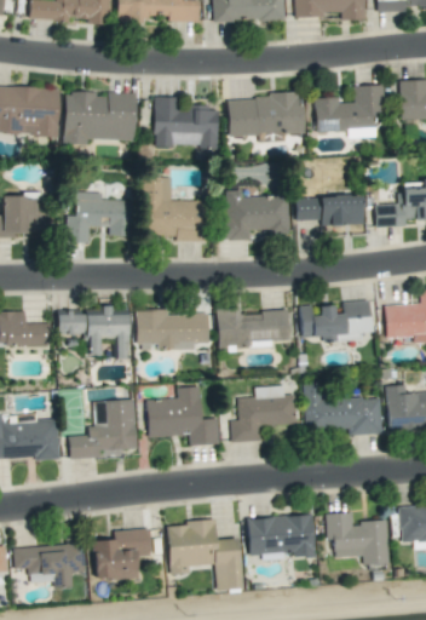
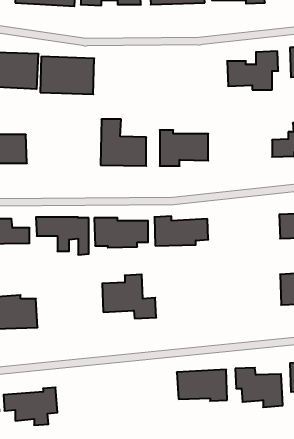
building: [228,94,305,139] -> none
building: [154,97,218,147] -> none
building: [67,191,129,243] -> none
building: [295,195,364,225] -> none
building: [299,300,372,340] -> none
building: [304,383,382,435] -> none
building: [230,386,295,442] -> none
building: [68,400,137,459] -> none
building: [167,521,243,591] -> none
building: [93,529,151,580] -> none

